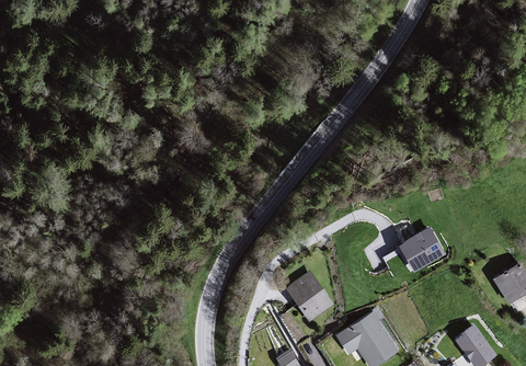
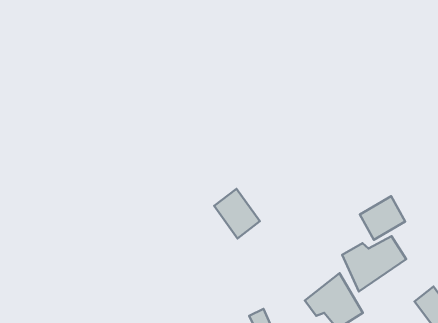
building: none -> [342,236,406,291]
building: [284,270,333,323] -> [214,189,260,238]

